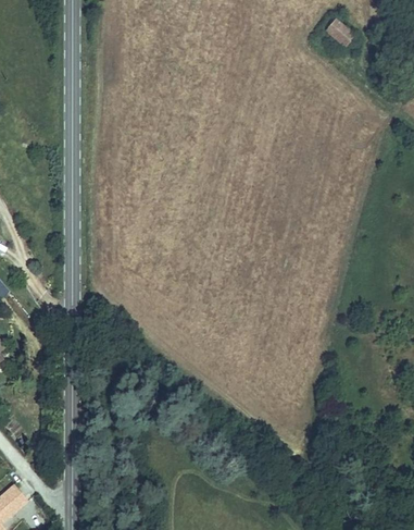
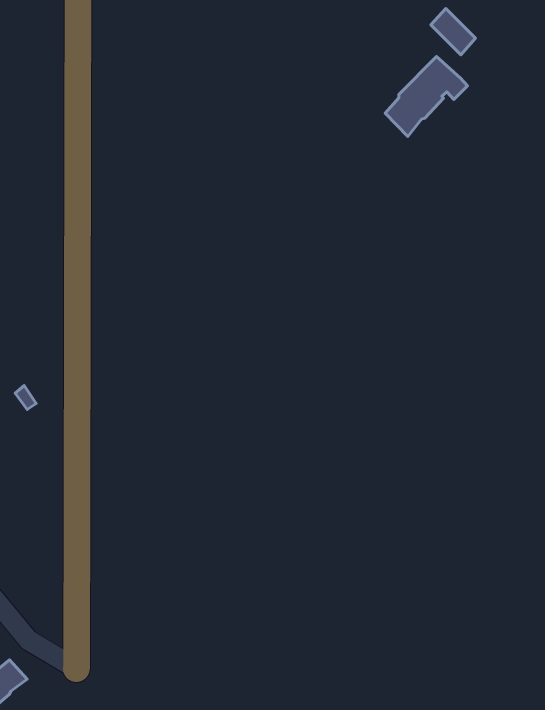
building: none -> [385,56,467,136]

